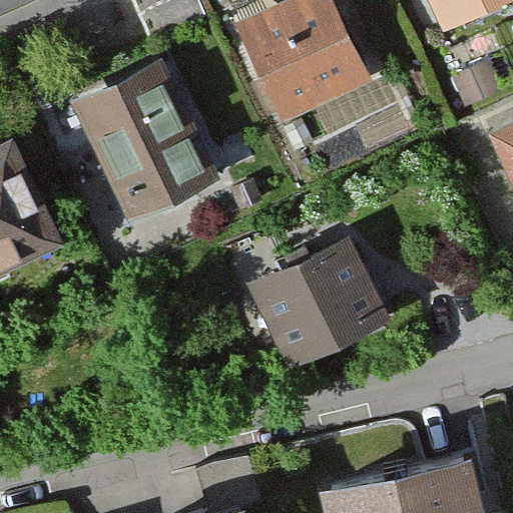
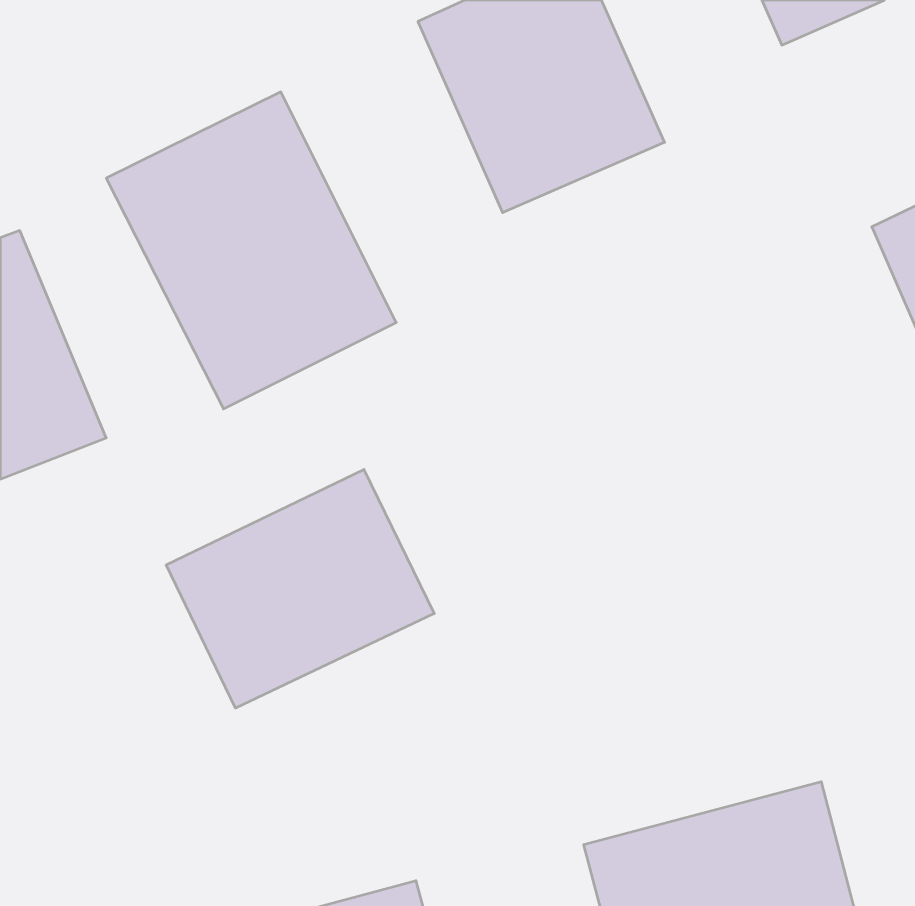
building: [248,233,388,367] -> none
building: none -> [166,469,434,708]

